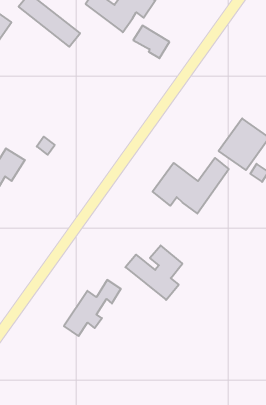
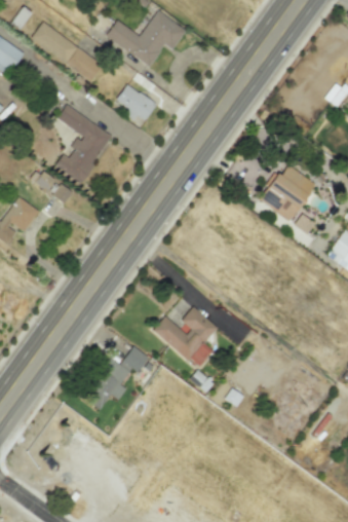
building: [133,26,169,58] -> [116,85,157,122]
building: none -> [53,105,113,187]
building: [153,158,229,214] -> none

